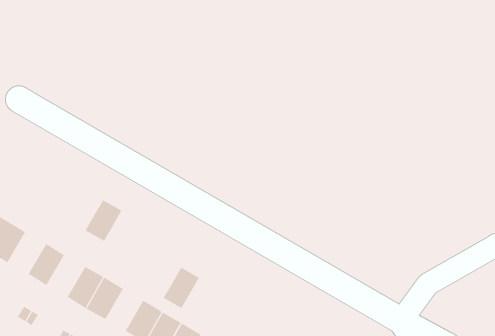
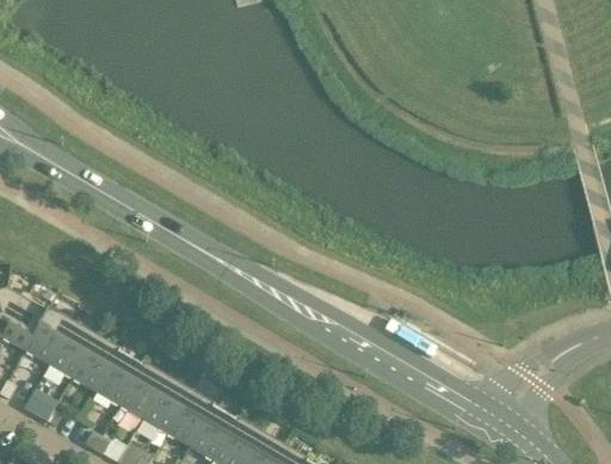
building: [84,200,122,242] -> [64,336,110,386]
building: none -> [18,309,63,359]
building: [163,267,200,309] -> [135,377,179,427]

